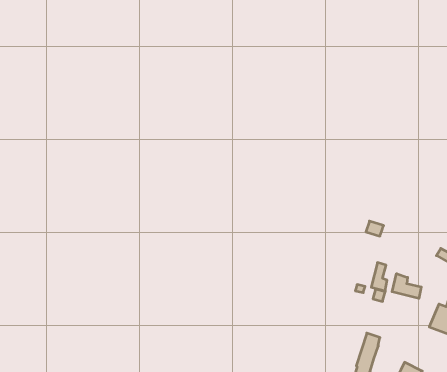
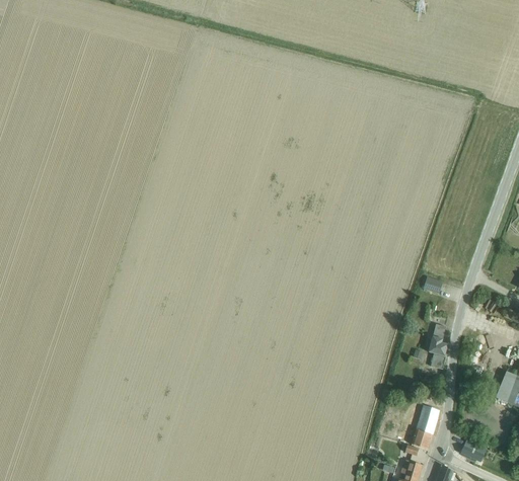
building: [392,274,421,298] -> none

